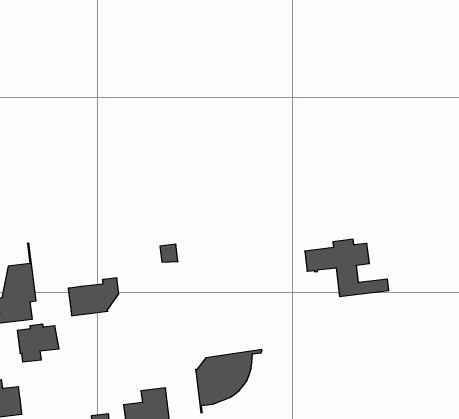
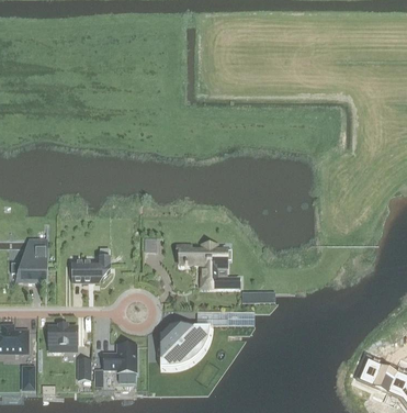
building: [305,239,389,297] -> [179,244,238,286]
building: [17,324,59,362] -> [47,323,77,349]

